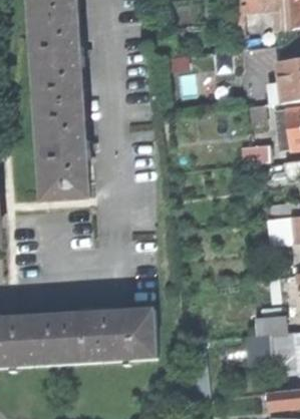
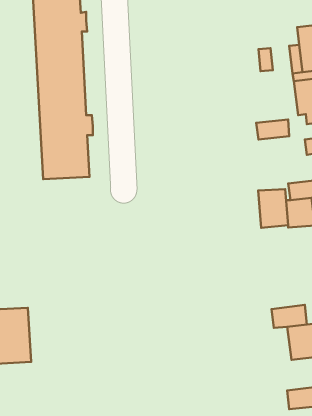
building: none -> [258,189,288,228]
building: [31,310,156,366] -> none

